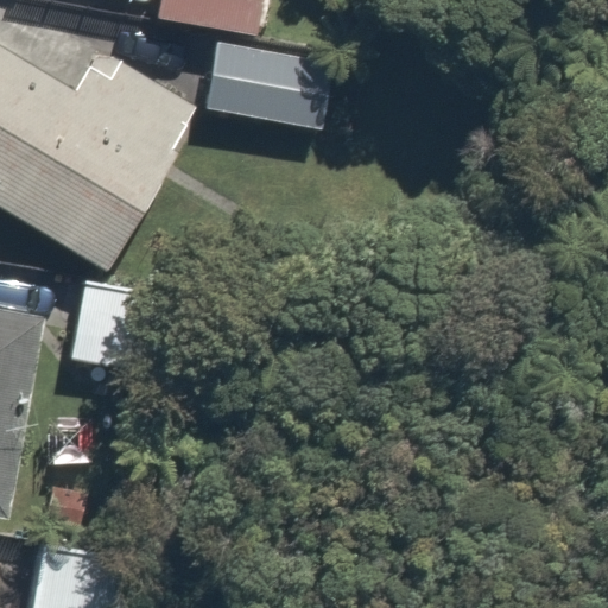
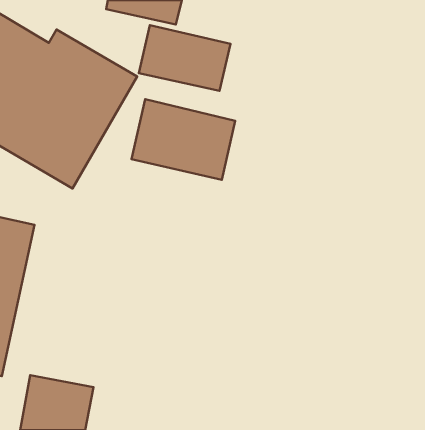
building: none -> [132,99,235,180]

